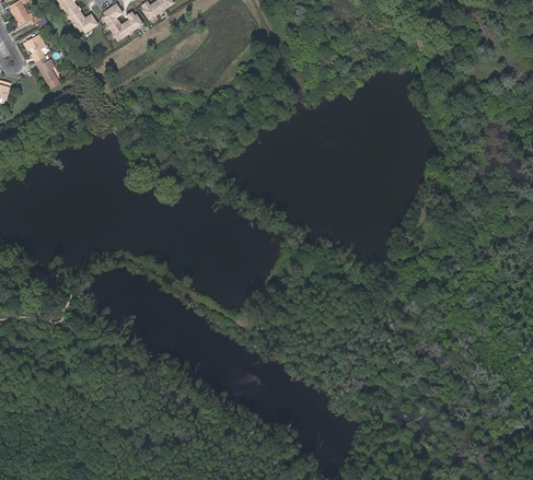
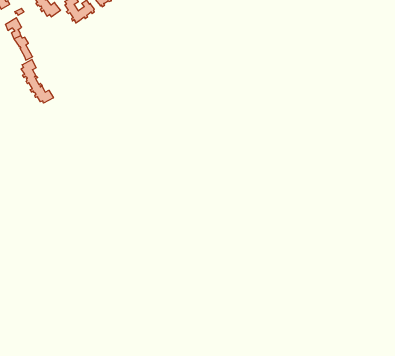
building: none -> [21,59,53,103]

